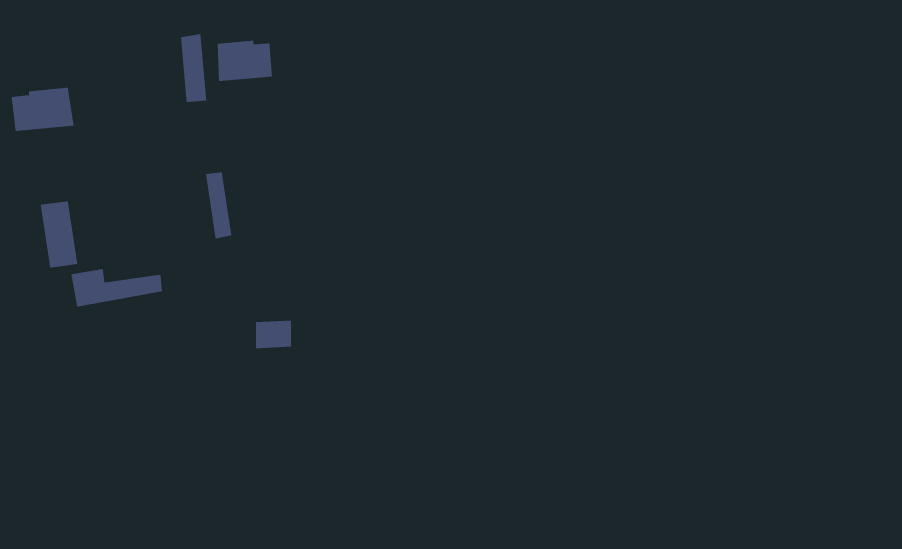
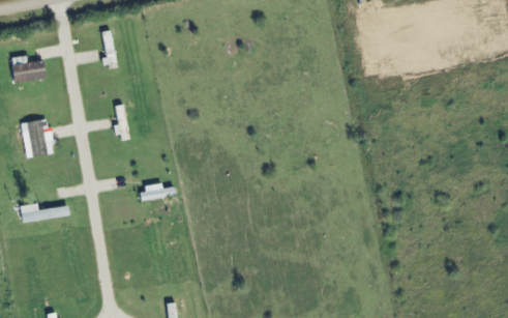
building: [217,40,272,82] -> none
building: [71,269,163,307] -> [19,202,68,223]

